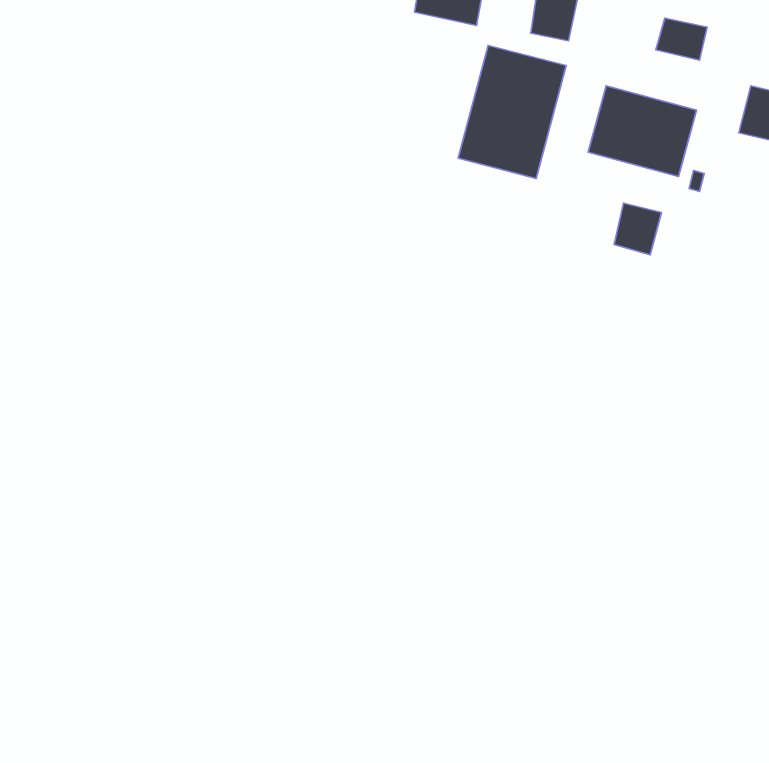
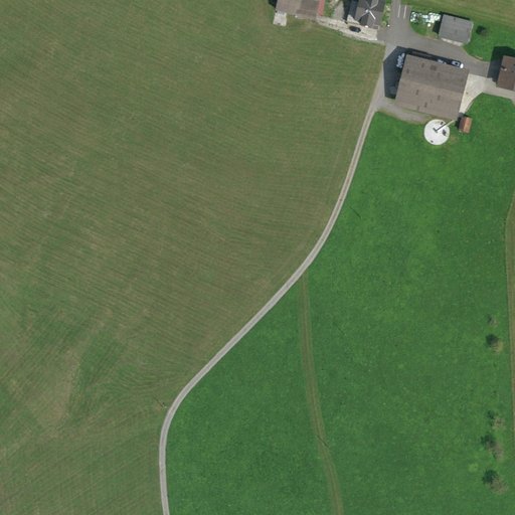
building: [458,45,566,179] -> none
building: [614,203,661,255] -> none

